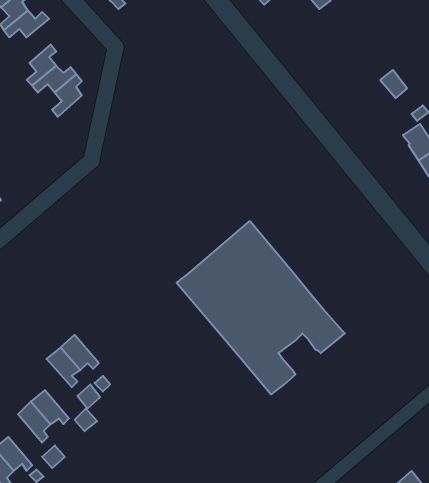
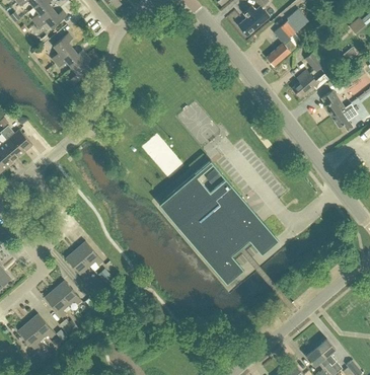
building: none -> [238,6,269,36]
building: none -> [266,9,308,67]
building: none -> [292,70,328,97]

